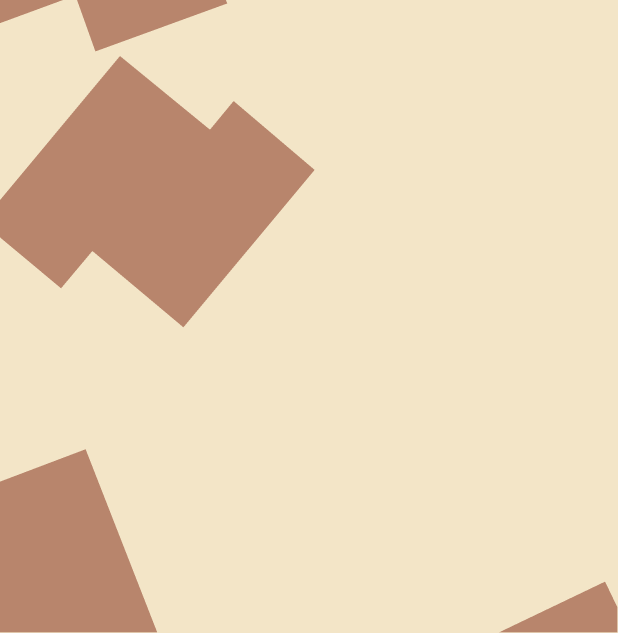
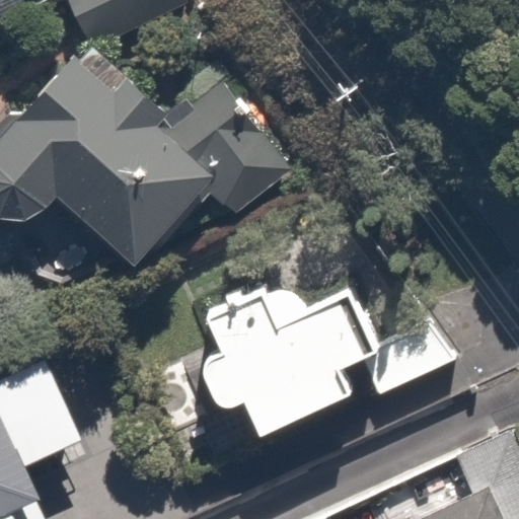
building: none -> [196,267,370,446]

